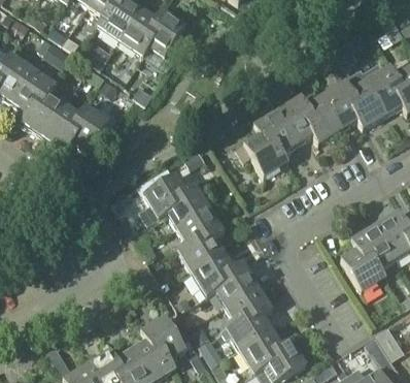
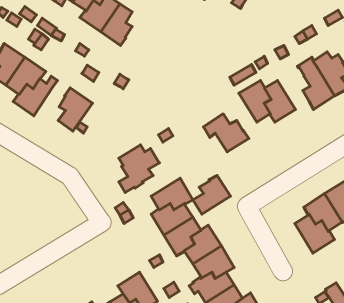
building: [147,7,186,57] -> none
building: [321,79,358,128] -> none
building: [43,102,79,151] -> none
building: [253,109,298,153] -> none
building: [167,183,210,227] -> [193,175,231,214]

